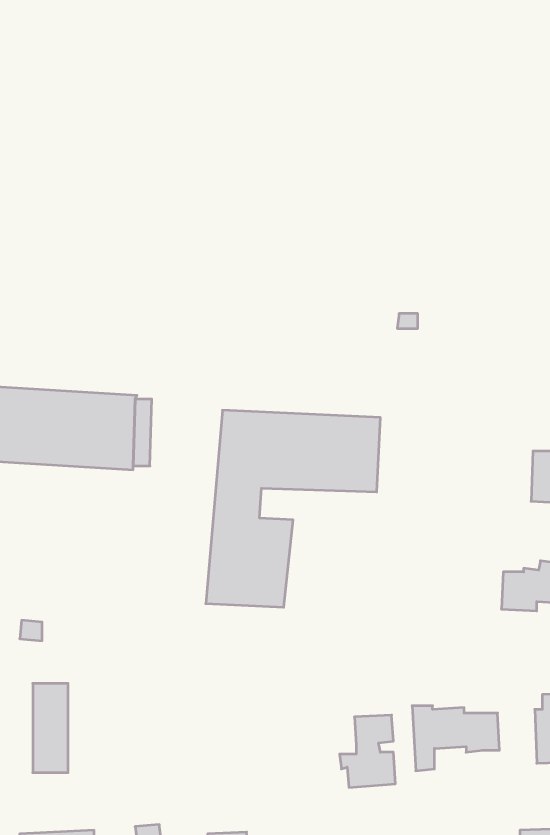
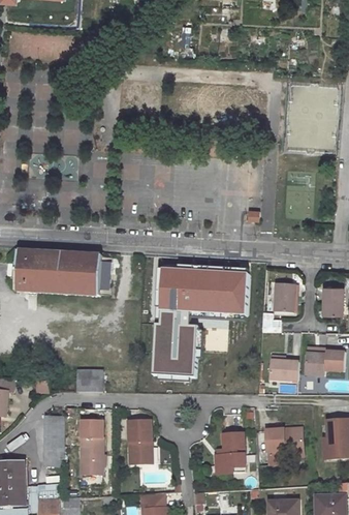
building: none -> [275,284,294,313]
building: none -> [268,360,298,381]
building: none -> [76,371,103,393]
building: none -> [81,420,103,486]
building: none -> [128,420,152,463]

